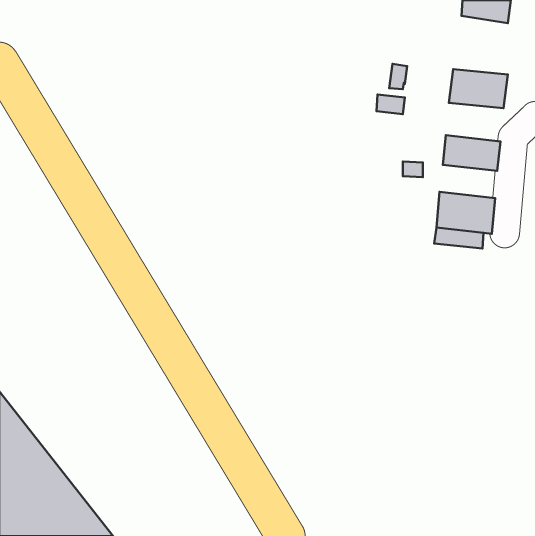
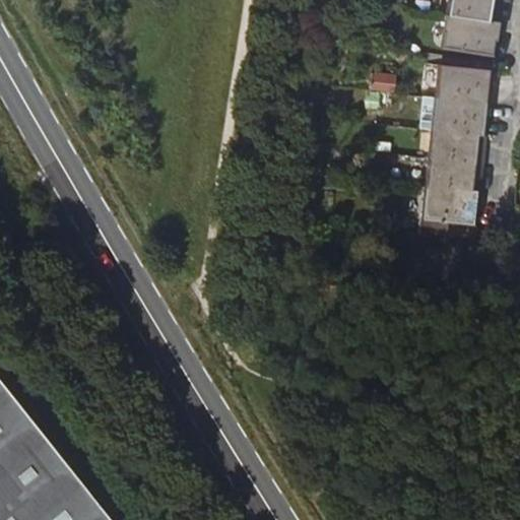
building: none -> [441,15,499,57]
building: none -> [418,99,488,137]
building: none -> [426,159,481,192]

